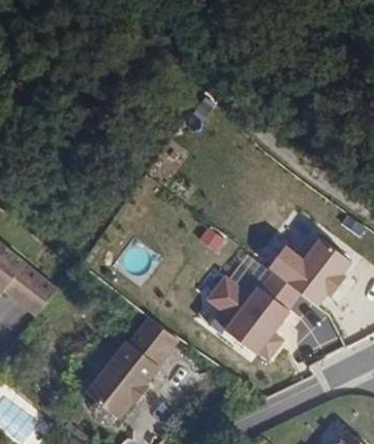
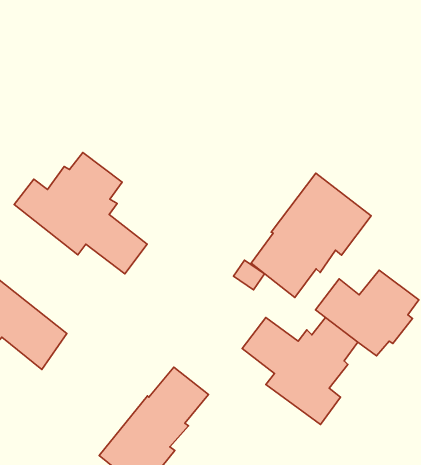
building: none -> [14,152,147,274]
building: none -> [251,173,371,297]

